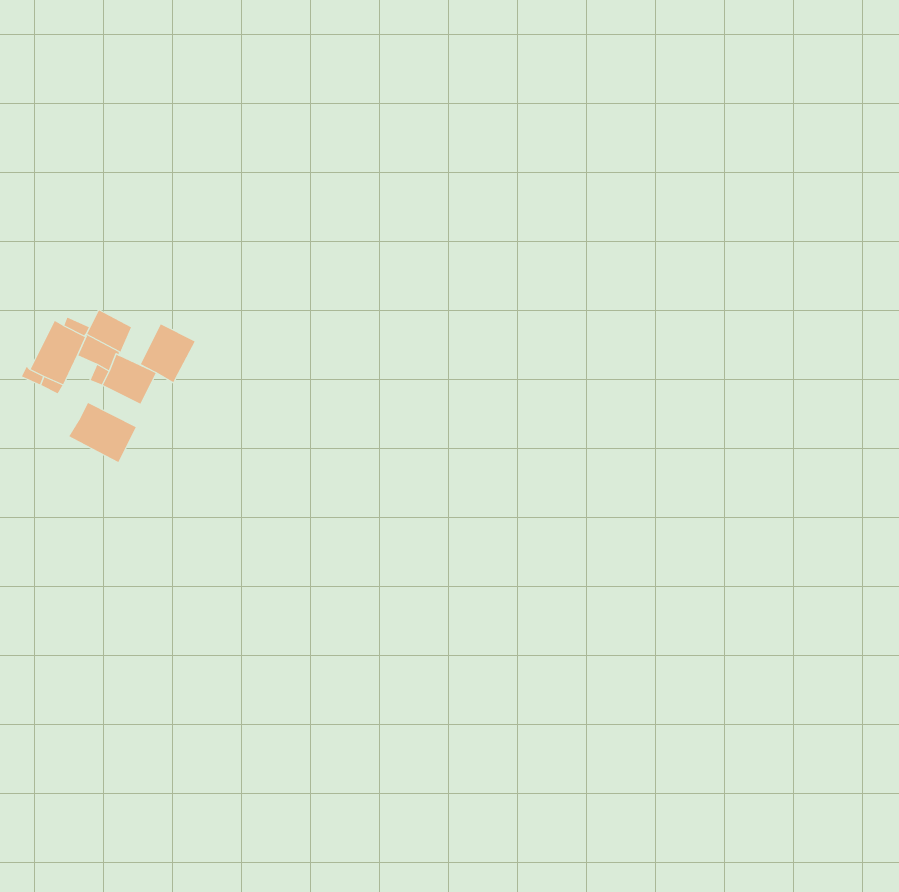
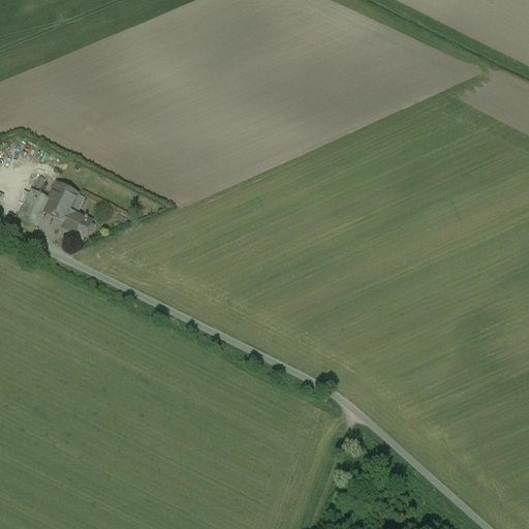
building: [140,324,195,383] -> none
building: [68,402,136,463] -> none

